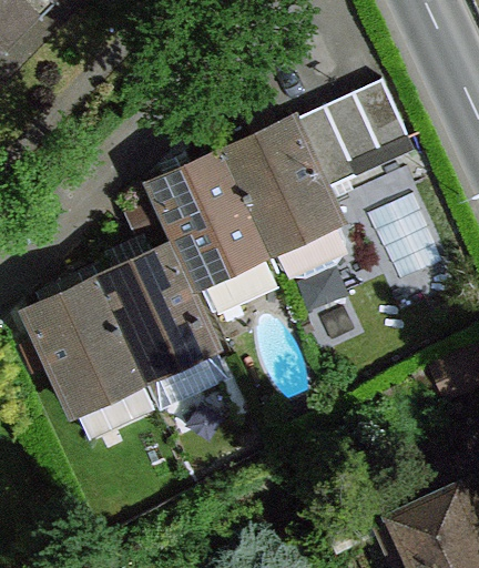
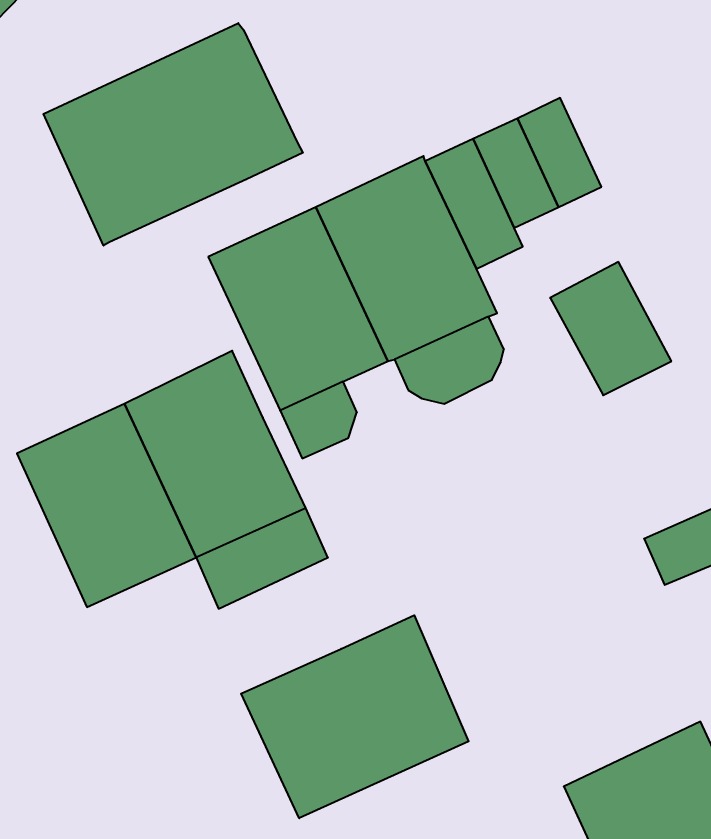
building: none -> [43,23,303,246]
building: none -> [241,615,469,818]

